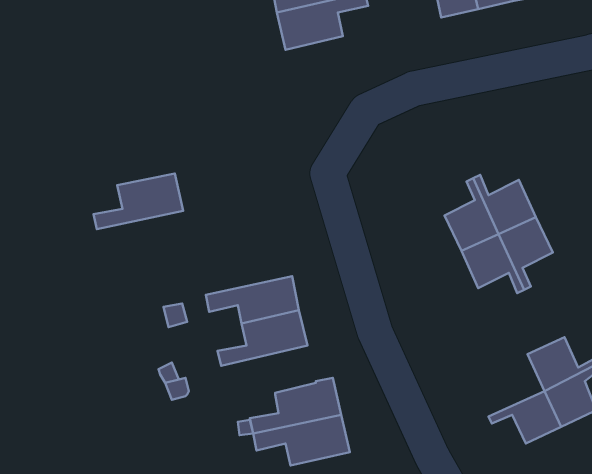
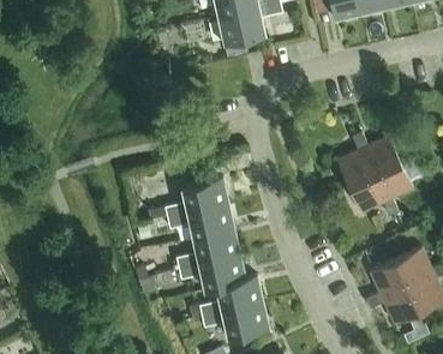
building: [94,173,183,229] -> [164,178,228,217]
building: none -> [178,253,245,290]
building: none -> [365,259,407,304]

